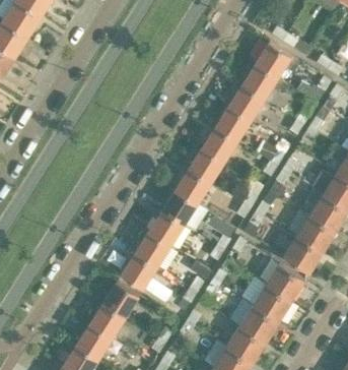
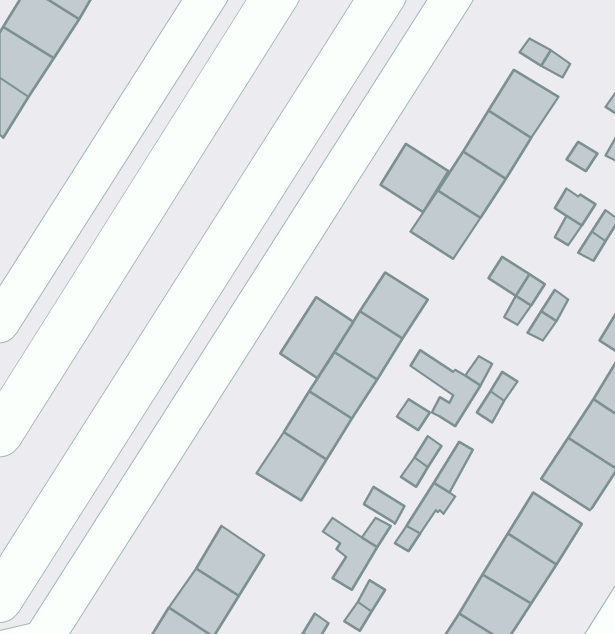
building: [201,128,236,164] -> [380,144,449,212]
building: none -> [280,297,353,378]
building: [121,254,157,290] -> none

